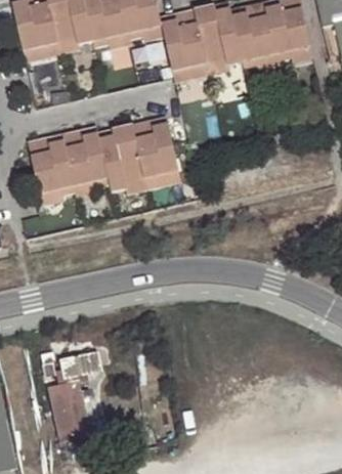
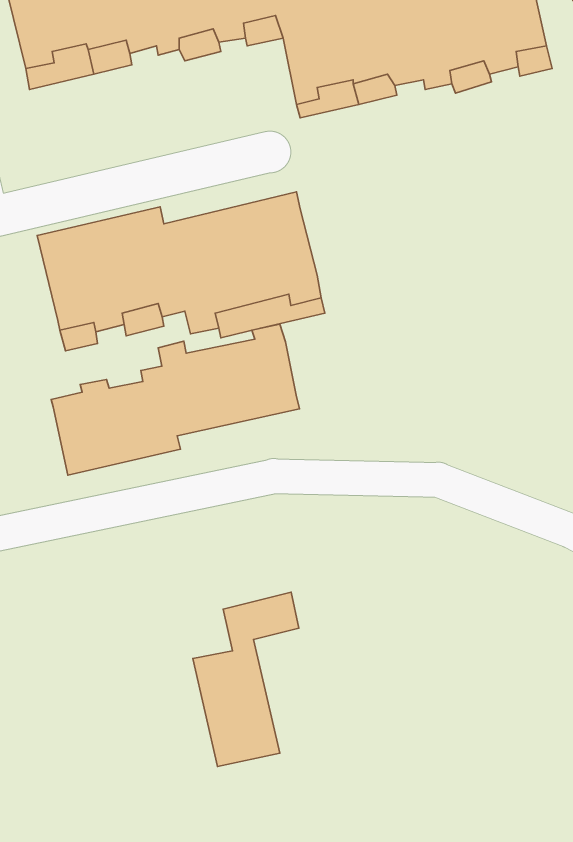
building: none -> [51,324,299,475]
building: [47,347,104,441] -> [193,592,299,766]

